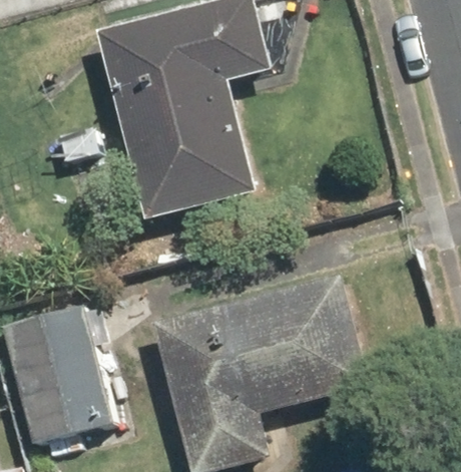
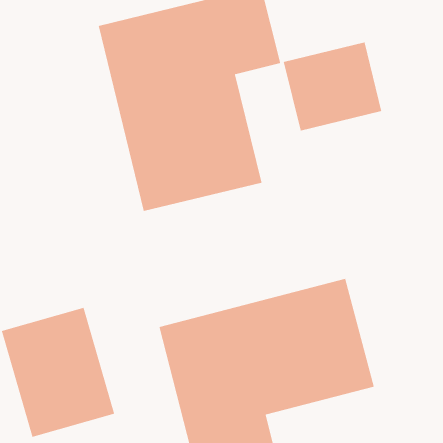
building: none -> [283,42,382,132]

